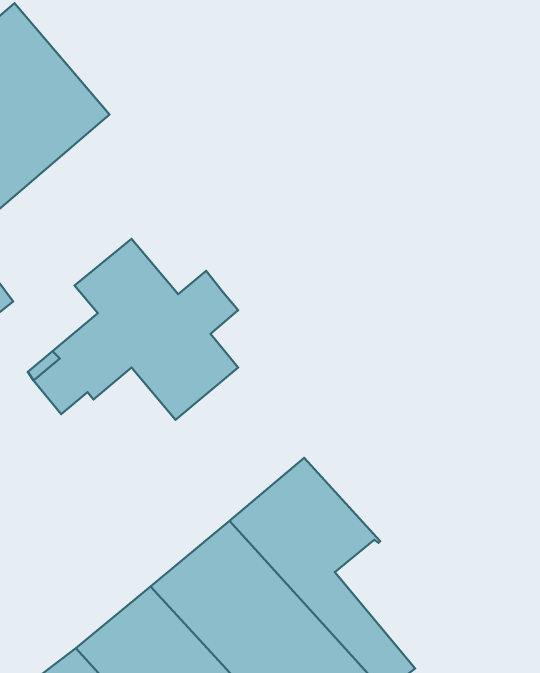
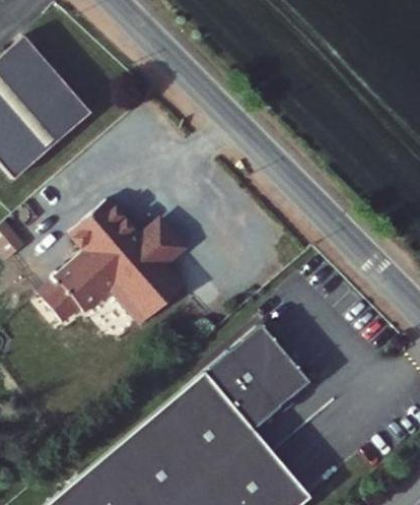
building: none -> [228,326,308,409]

